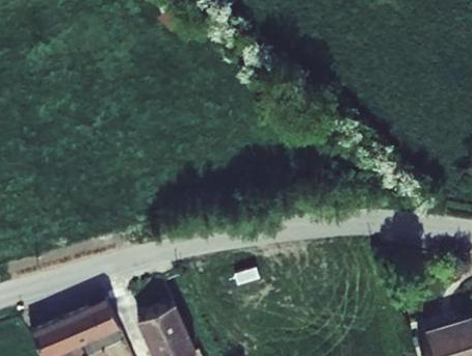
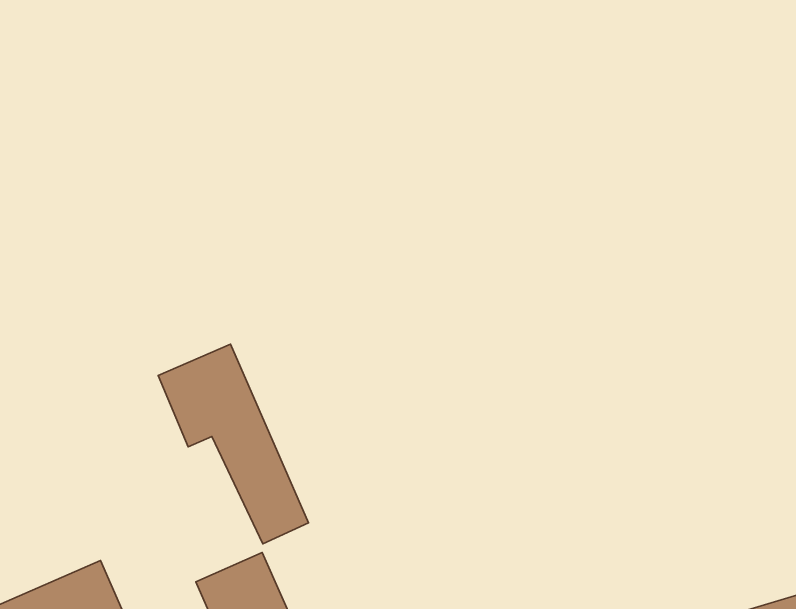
building: none -> [158,344,309,544]

